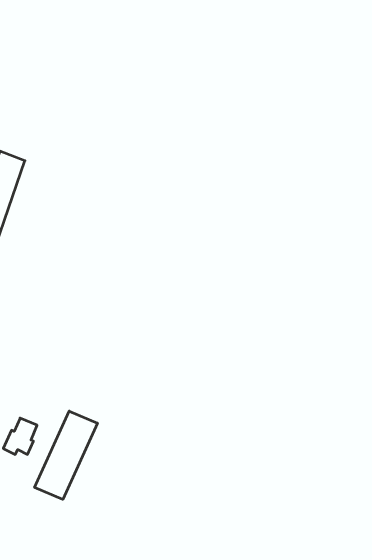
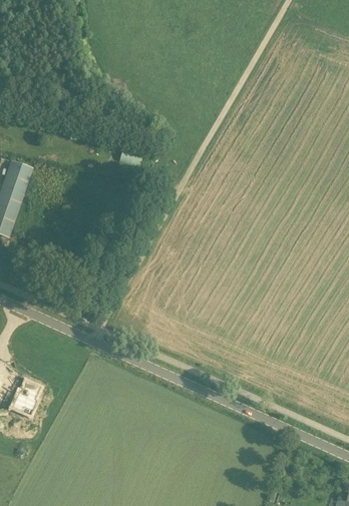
building: [35,411,97,499] -> none

